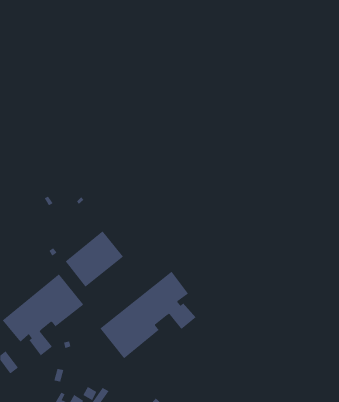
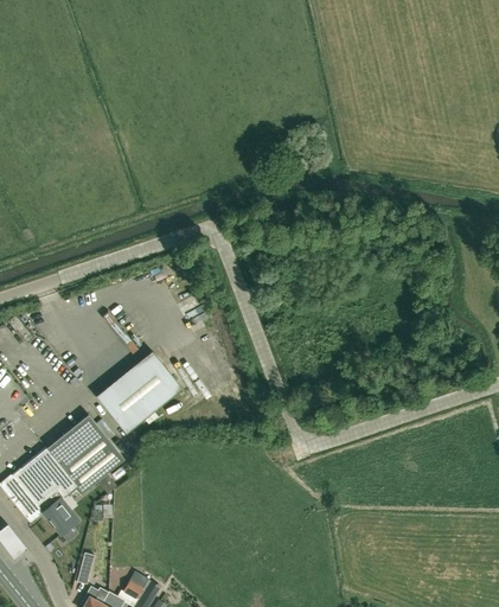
building: [100,271,197,359] -> none

